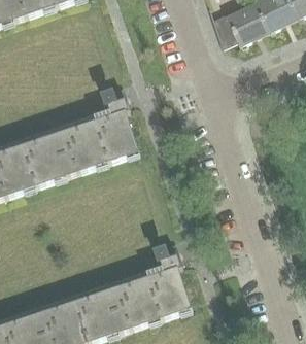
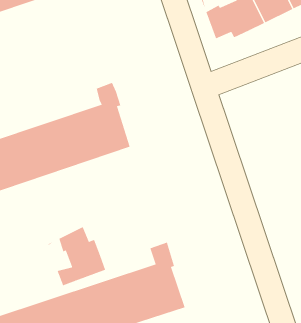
building: none -> [48,225,106,286]

